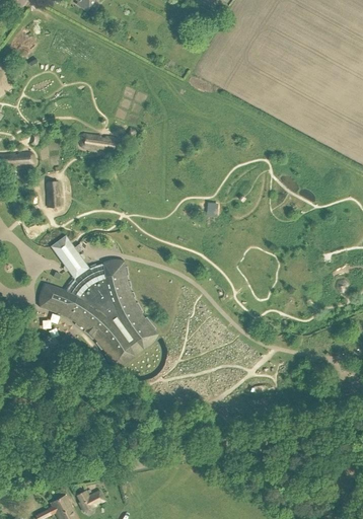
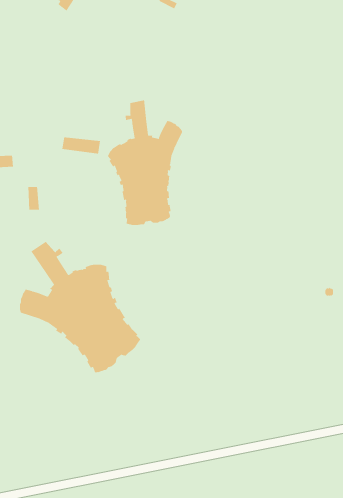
building: none -> [107,100,183,226]

